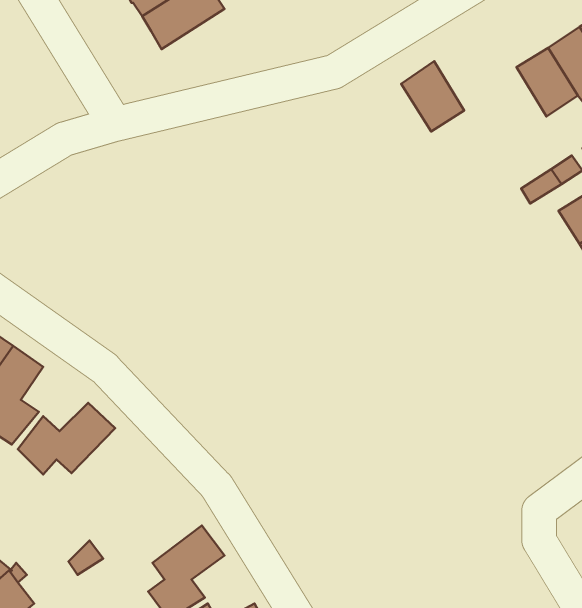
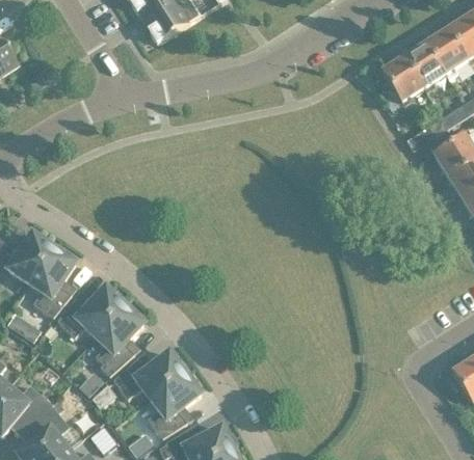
building: [401,61,464,132] -> [380,54,424,103]
building: none -> [95,304,143,375]
building: none -> [112,351,185,400]

